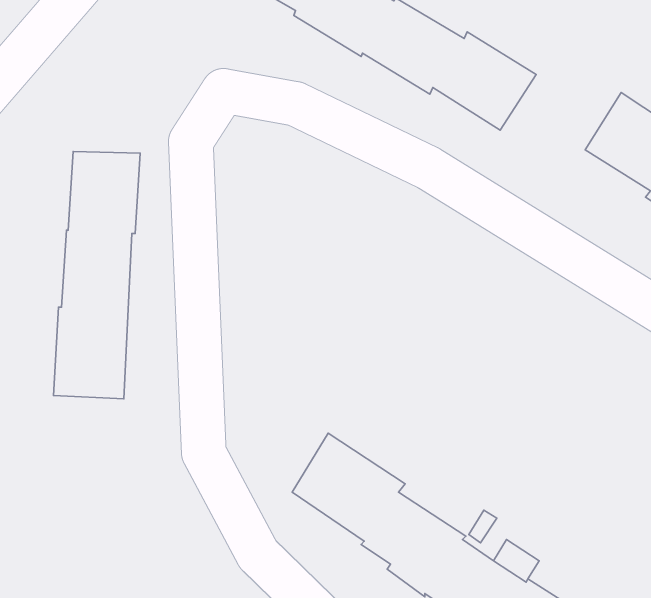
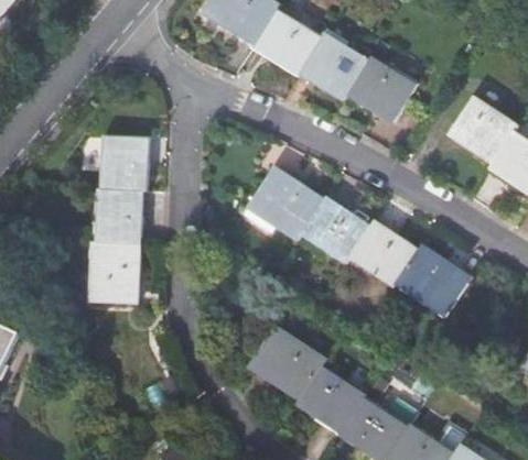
building: none -> [246,166,471,315]

